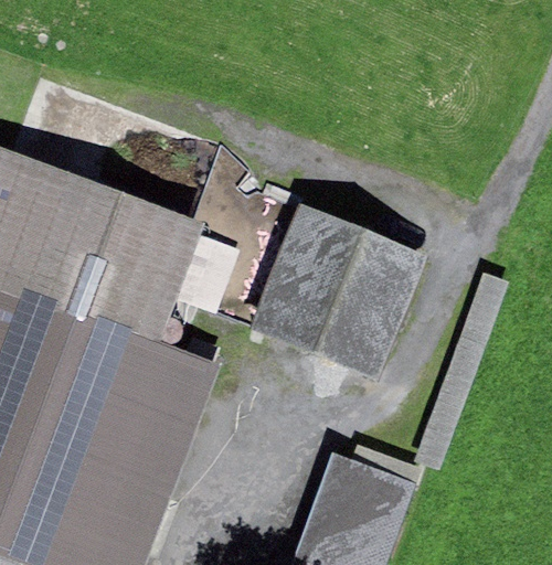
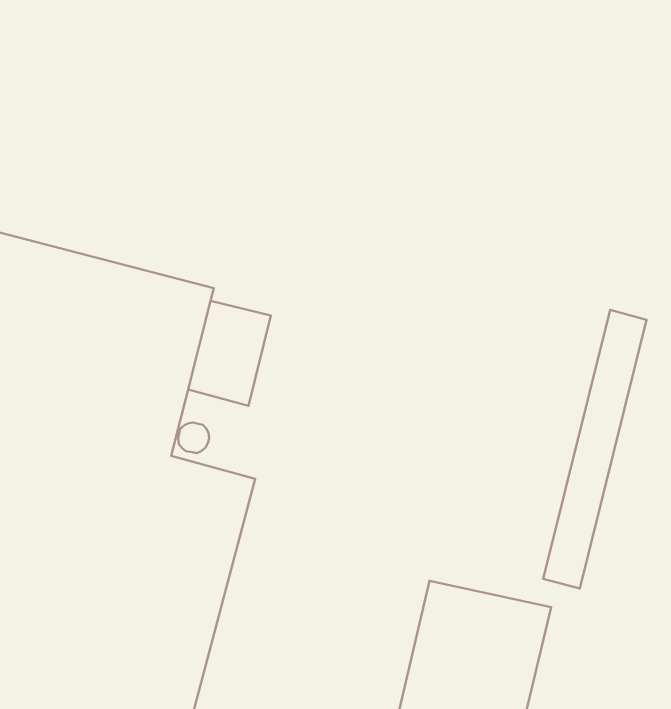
building: [247,203,423,375] -> none

